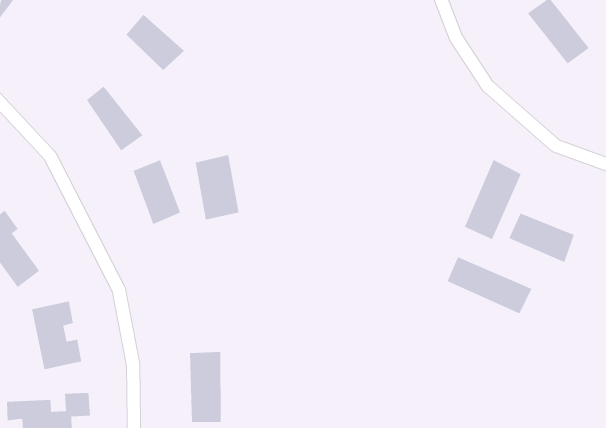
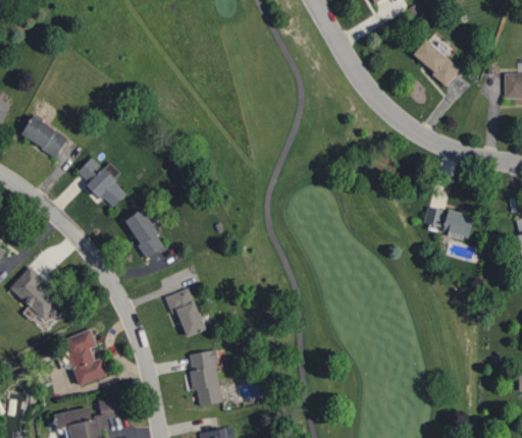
building: [125,14,185,71] -> [20,115,68,157]
building: [195,154,239,220] -> [164,286,205,340]
building: [464,159,522,240] -> none
building: [446,256,532,315] -> none

